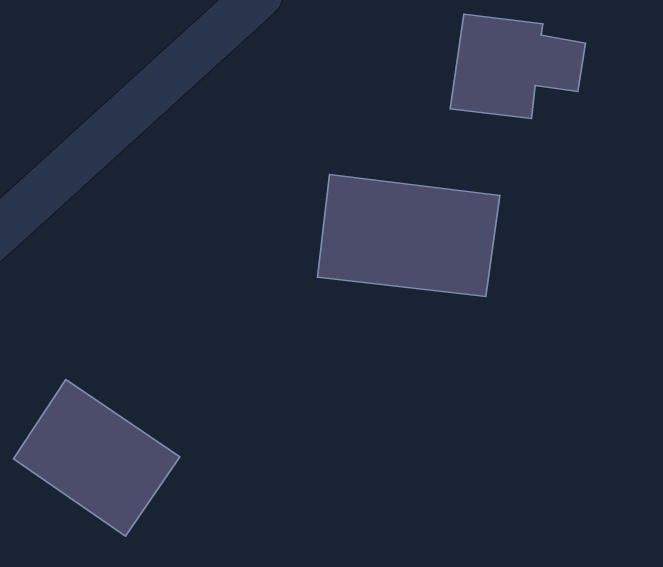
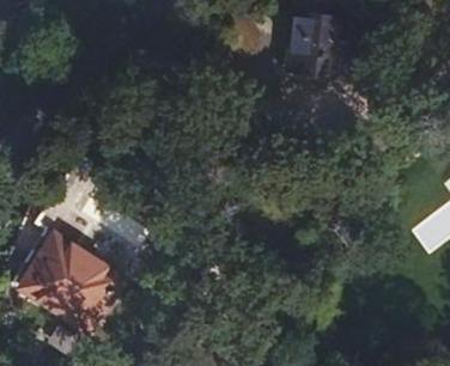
building: [317,175,500,296] -> none

